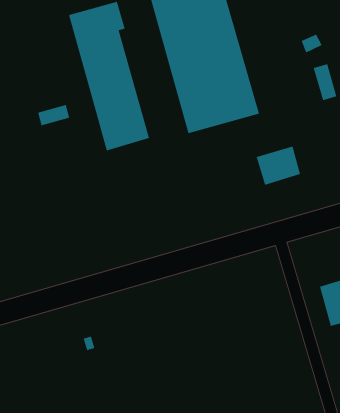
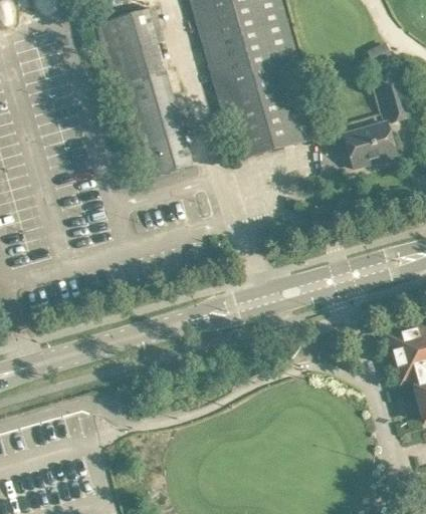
building: [37,104,70,126] -> none
building: [256,146,301,186] -> [344,120,396,167]

